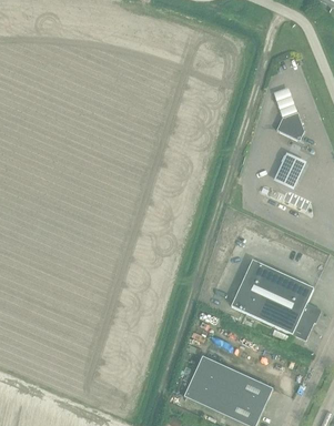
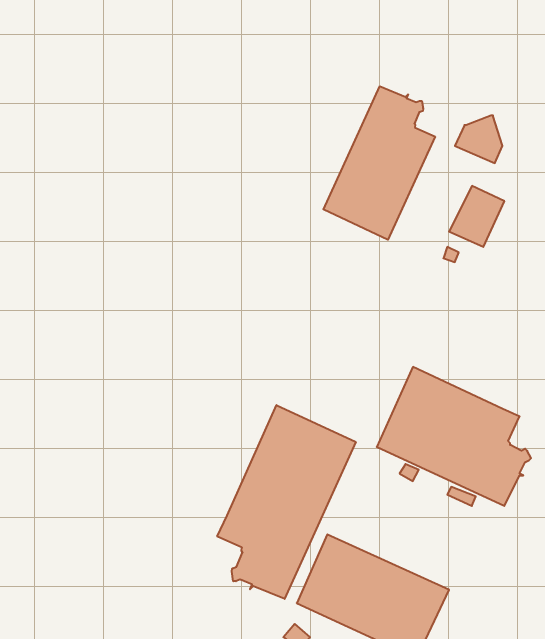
building: none -> [323,86,435,240]
building: none -> [217,405,356,599]

